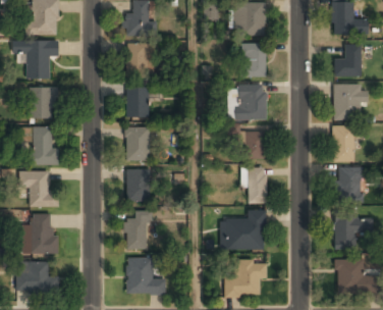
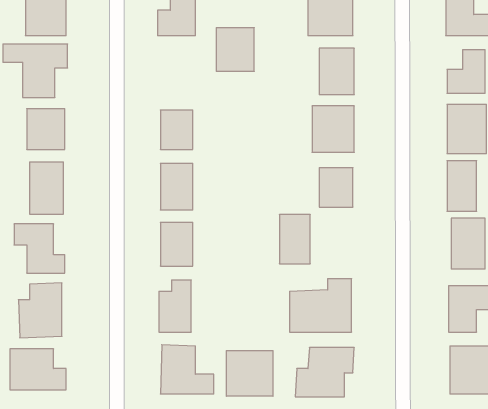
building: [126,44,154,75] -> [216,28,254,71]
building: [244,167,267,203] -> [279,215,310,264]
building: none -> [226,351,273,396]

